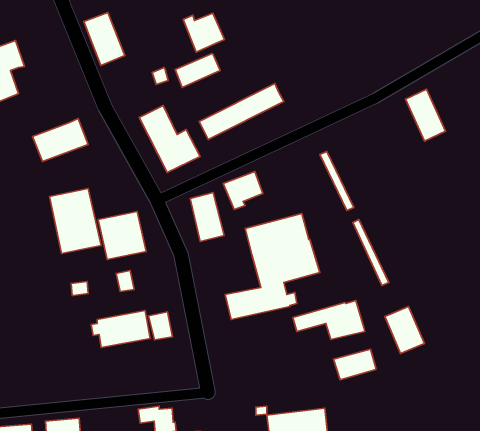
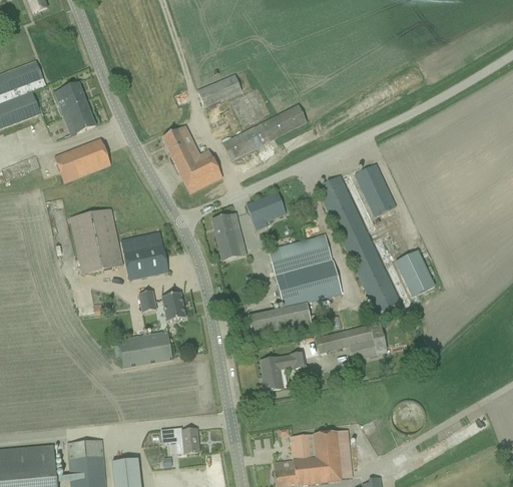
building: [84,12,125,65] -> [54,82,95,135]
building: [183,13,225,52] -> none
building: [406,89,446,141] -> [355,163,395,215]
building: none -> [316,175,400,315]
building: [385,307,425,354] -> [395,250,435,297]
building: [149,312,173,340] -> [161,293,185,321]
building: none -> [261,353,305,392]
building: [334,349,376,380] -> none

